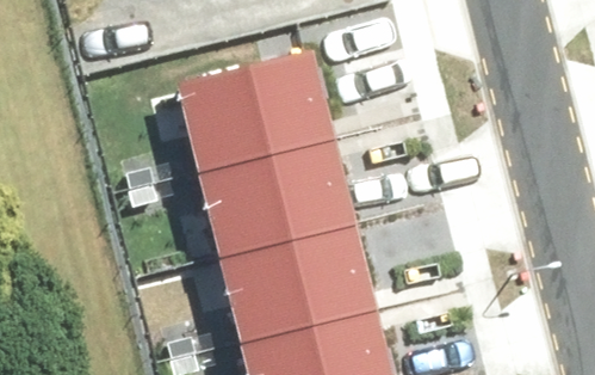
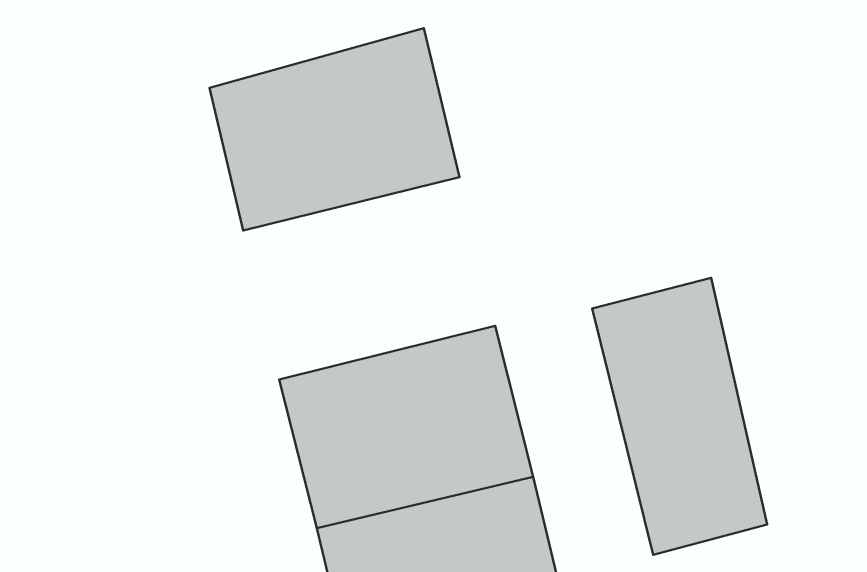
building: [199,133,351,254] -> none
building: none -> [592,278,767,555]

